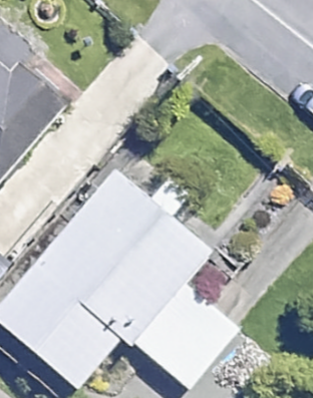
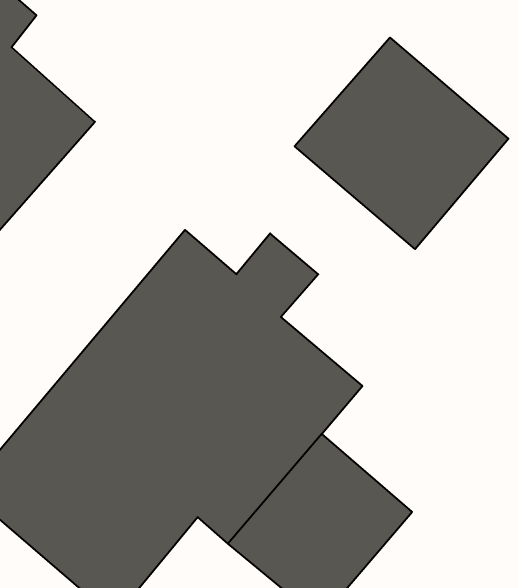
building: none -> [295,38,508,249]

